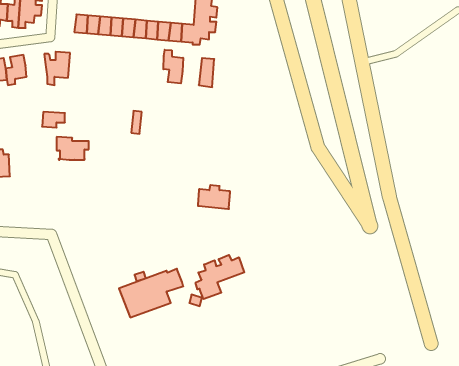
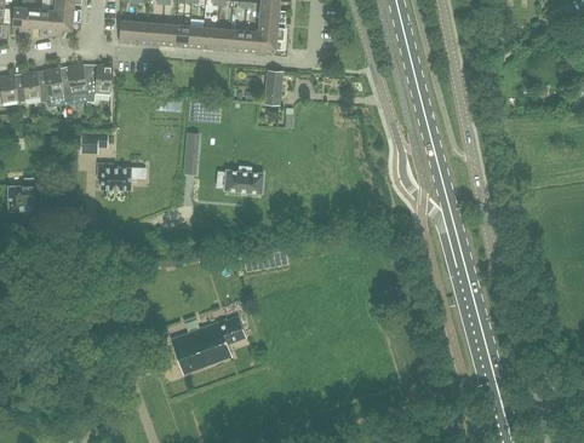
building: [163,50,183,83] -> none
building: none -> [61,64,86,100]
building: [198,185,230,209] -> [224,166,262,194]
building: [196,255,244,299] -> none

